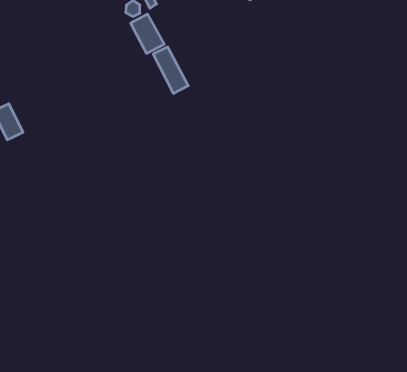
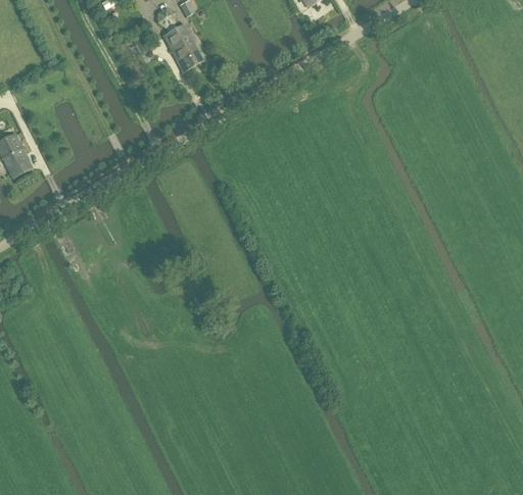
building: [153,47,188,94] -> none

